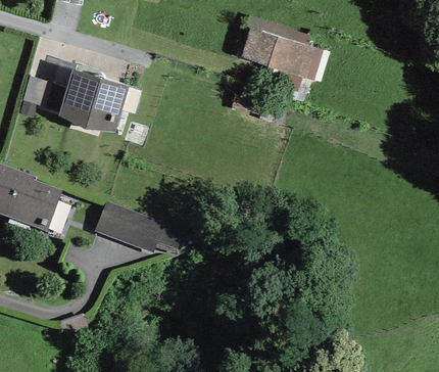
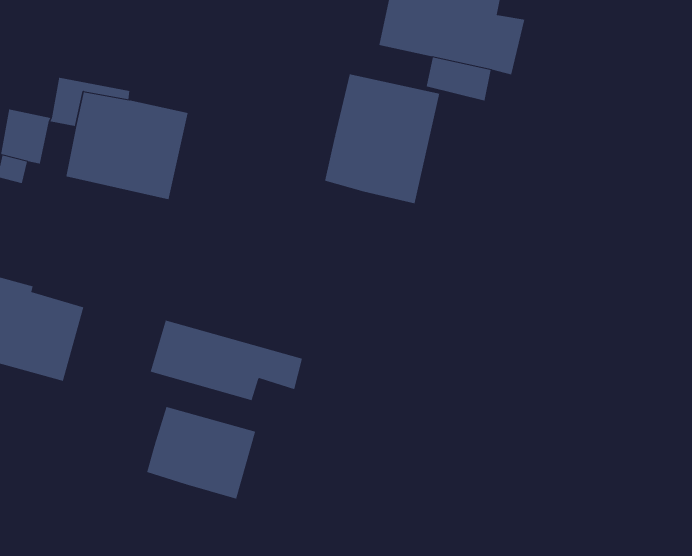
building: none -> [324,73,440,204]
building: none -> [146,406,256,499]

